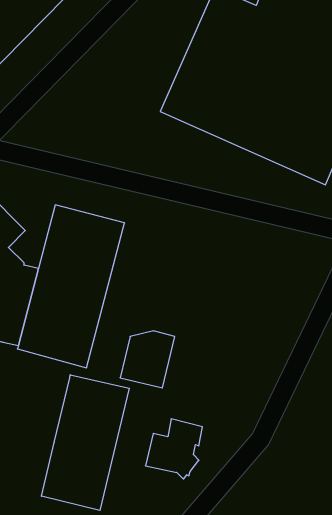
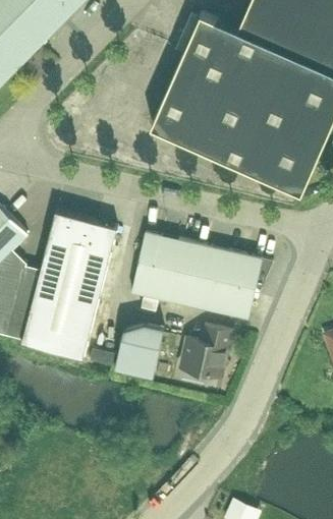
building: none -> [131,232,273,319]
building: [41,375,129,510] -> none
building: [145,419,202,479] -> [180,325,232,380]

